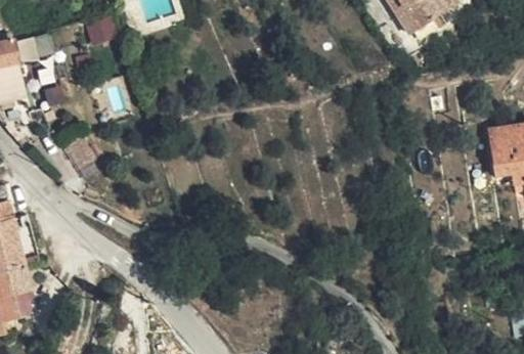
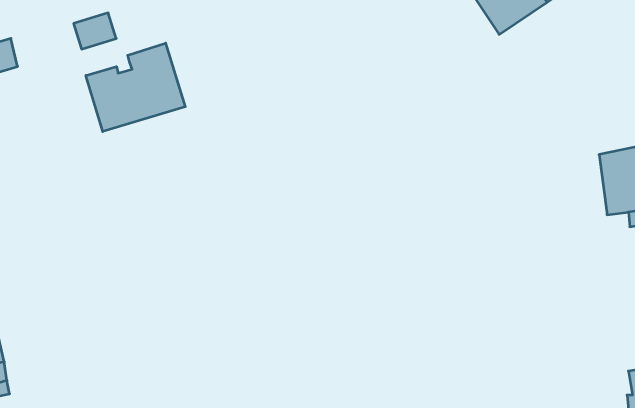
building: none -> [86,43,185,132]

